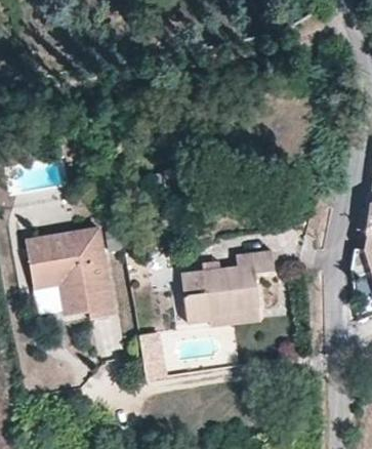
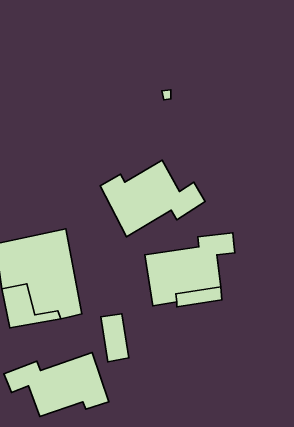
building: none -> [100,160,205,237]
building: none -> [4,352,109,416]

